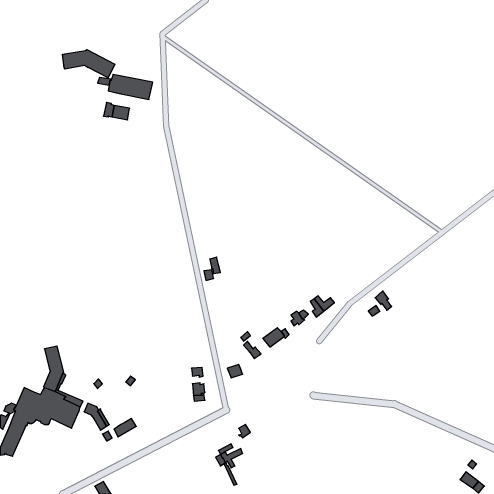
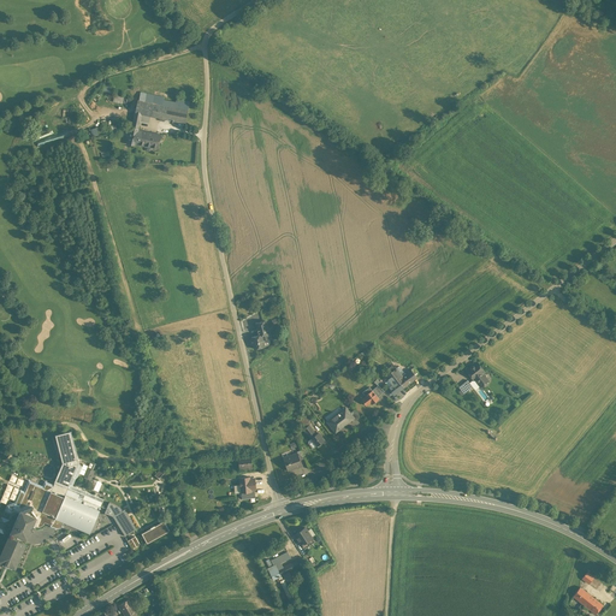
building: [62,50,115,78] -> none

